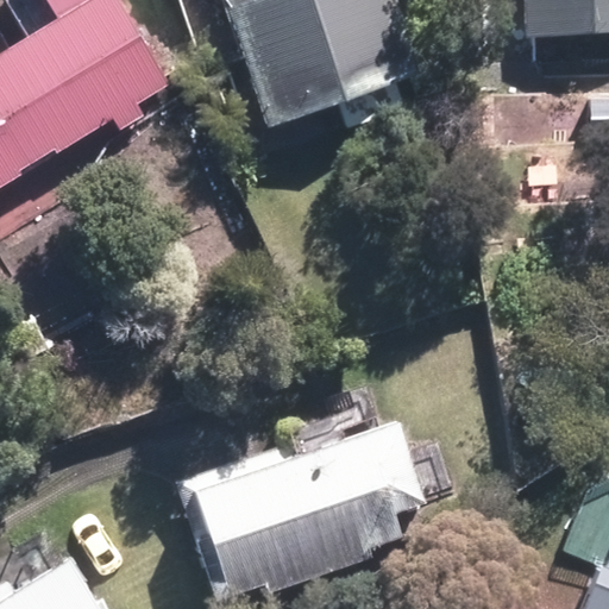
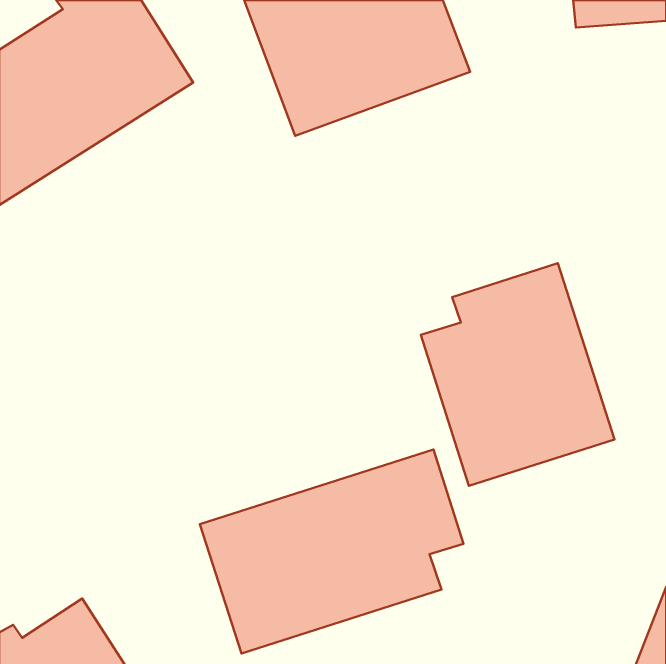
building: none -> [421,263,615,486]

